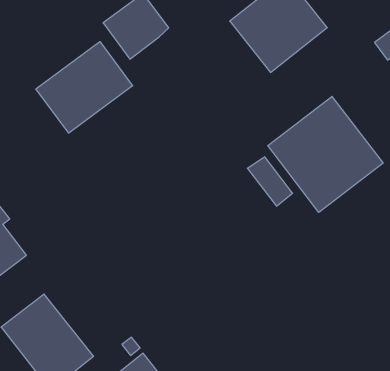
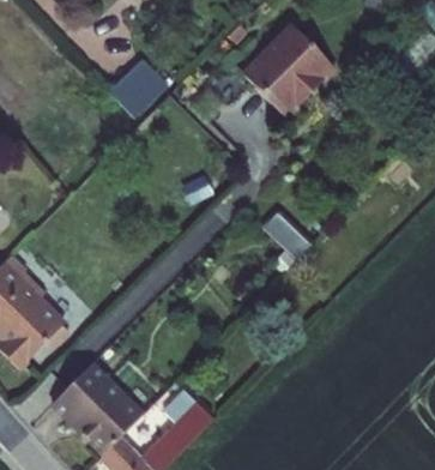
building: [36,42,133,133] -> none
building: [268,96,383,212] -> none

